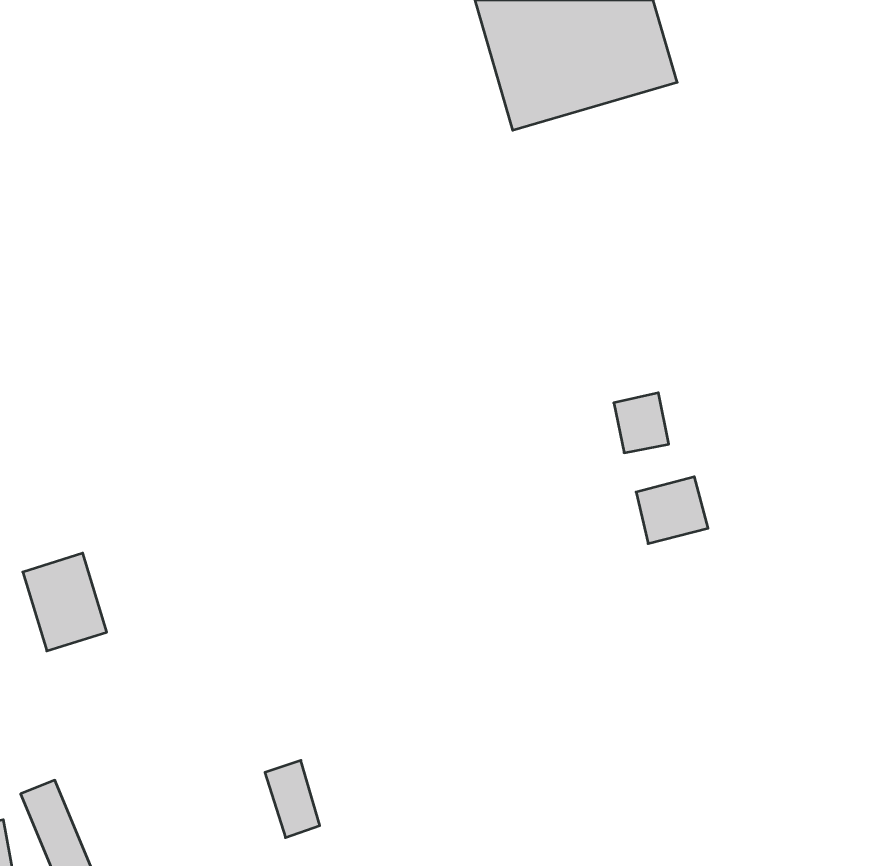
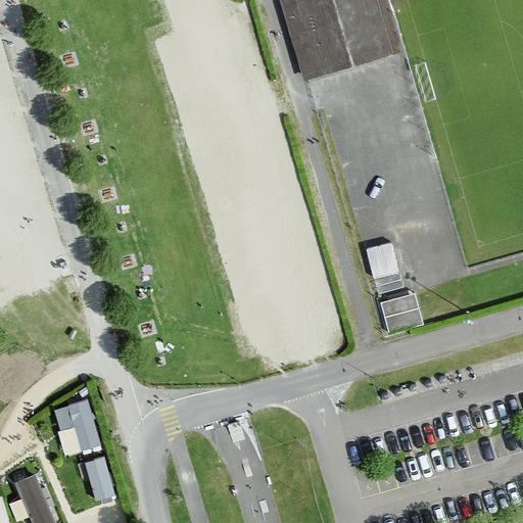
building: [23,553,107,651] -> [51,395,101,454]
building: [265,760,320,838] -> [82,454,114,500]

